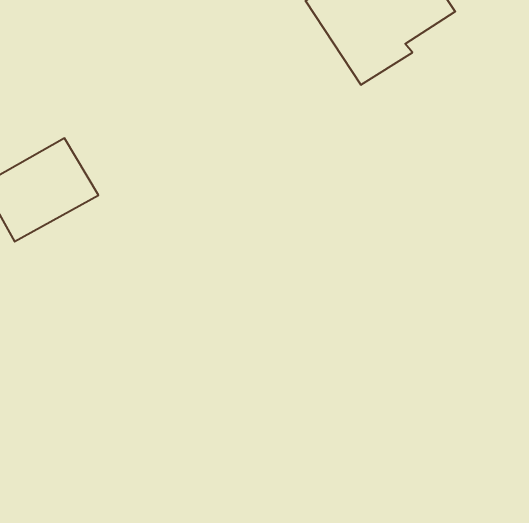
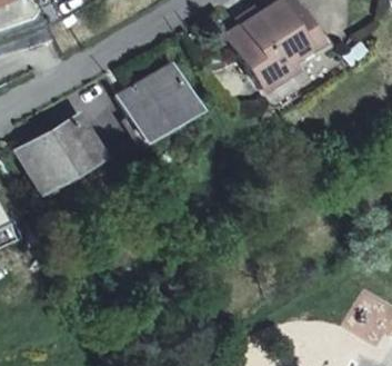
building: none -> [122,63,201,137]

